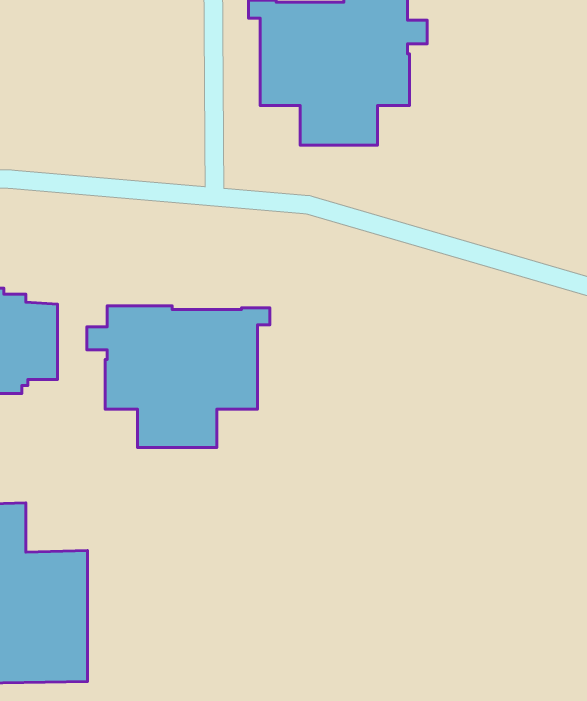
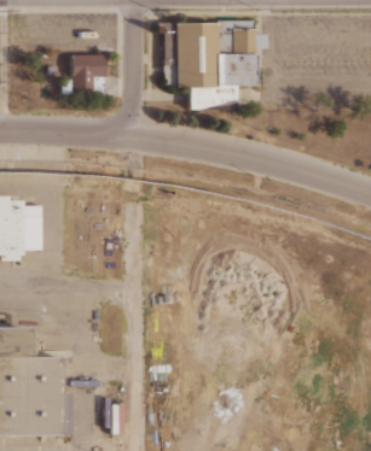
building: none -> [74,55,104,95]
building: [87,306,270,448] -> none

